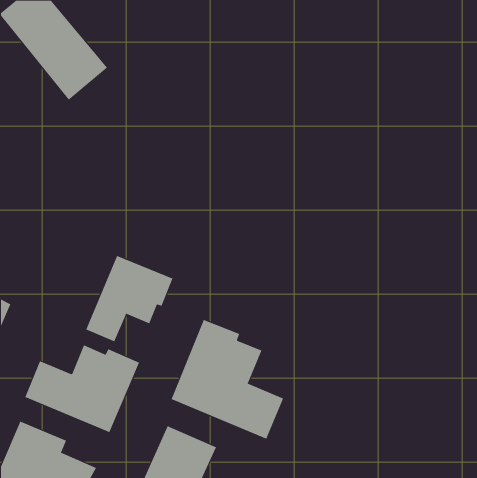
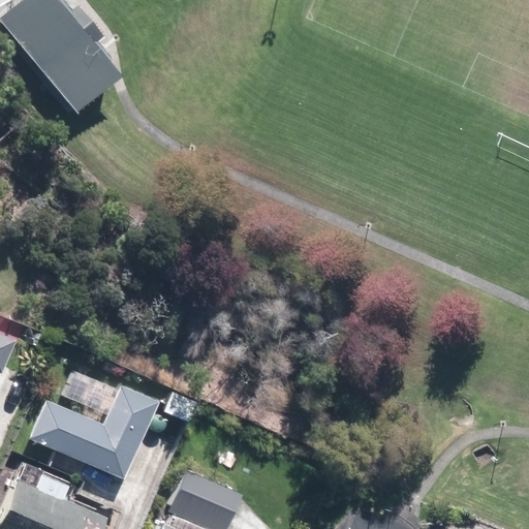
building: [86,255,173,342] -> none
building: [171,319,284,440] -> none

